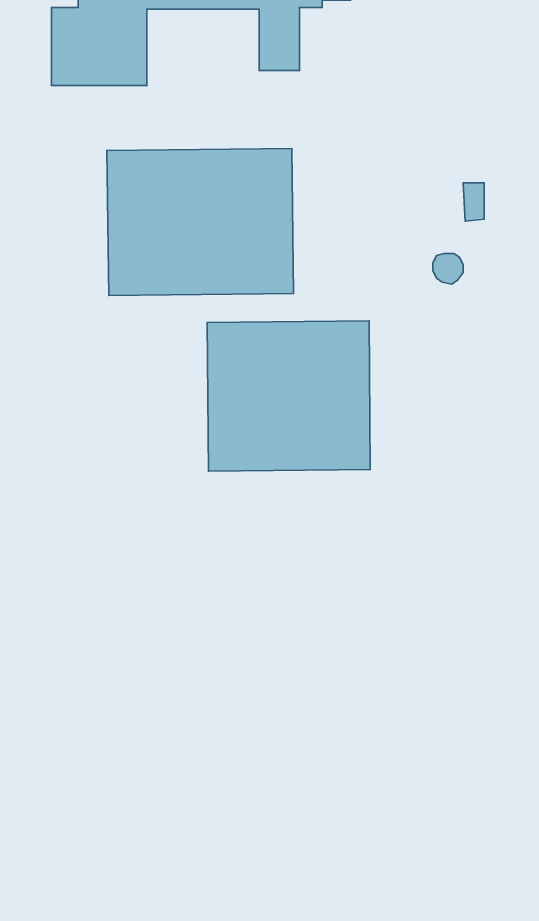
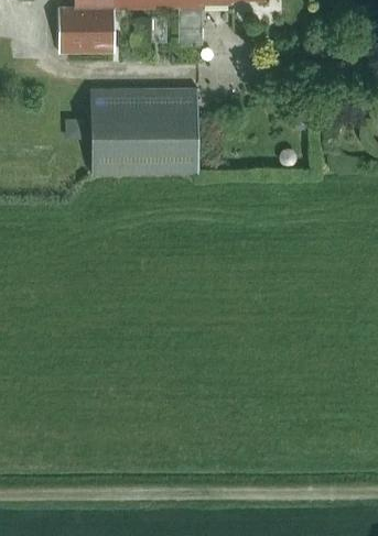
building: [207,321,370,471] -> none

